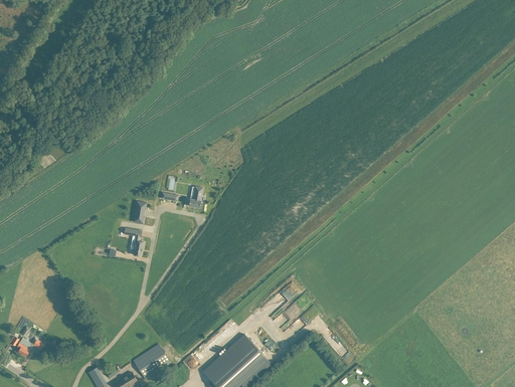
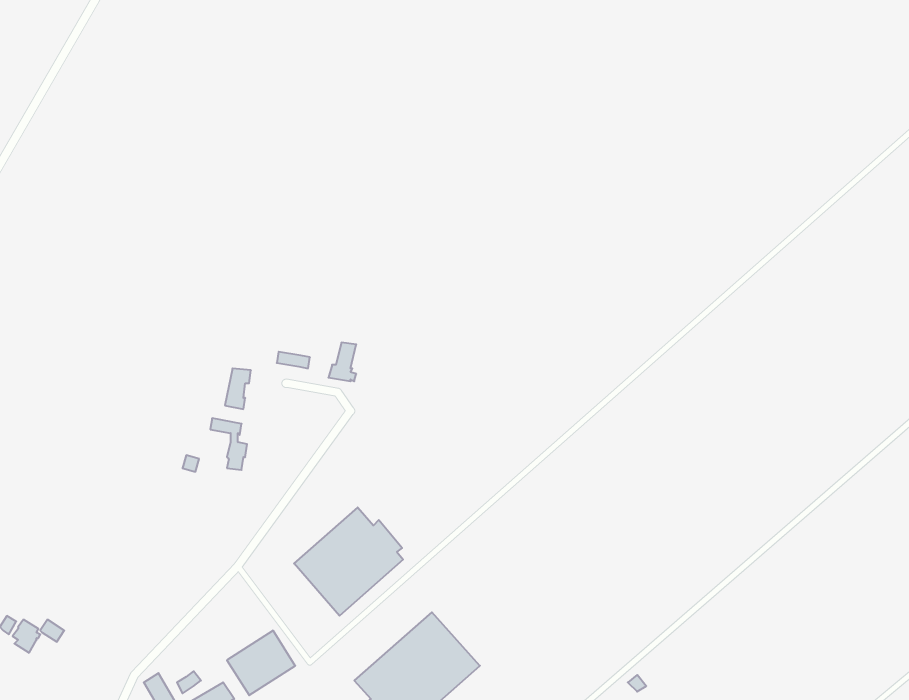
building: none -> [294,507,403,616]

